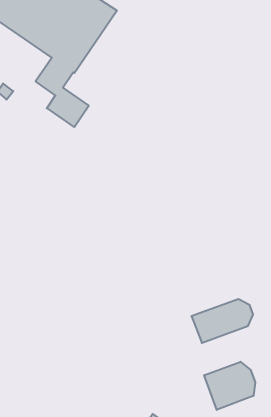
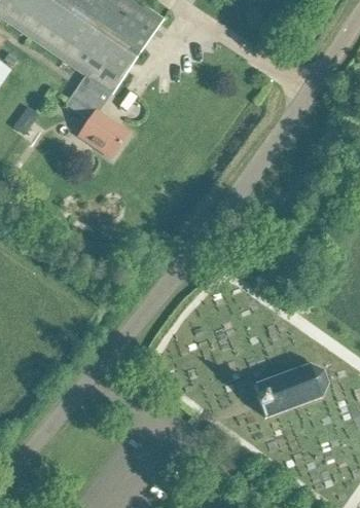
building: [204,362,255,410] -> none

